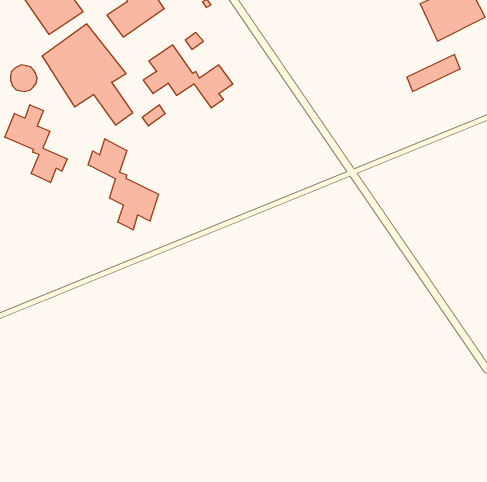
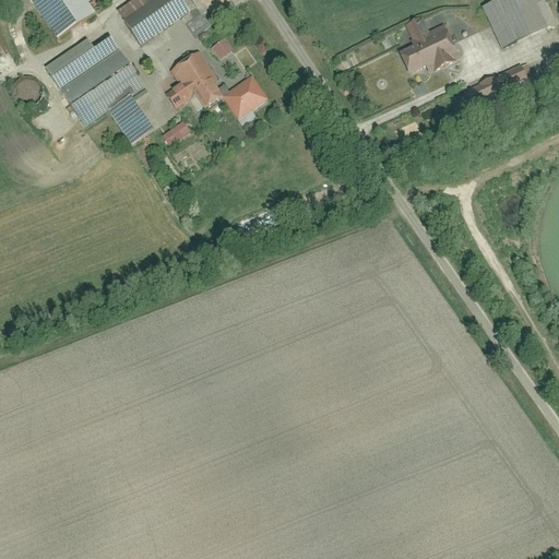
building: none -> [397,19,459,73]
building: [5,105,67,183] -> none
building: [88,139,159,230] -> none

